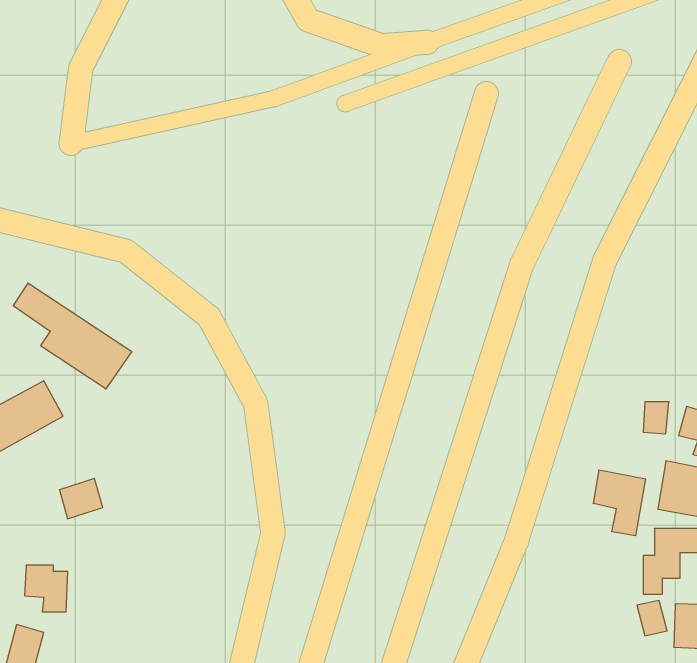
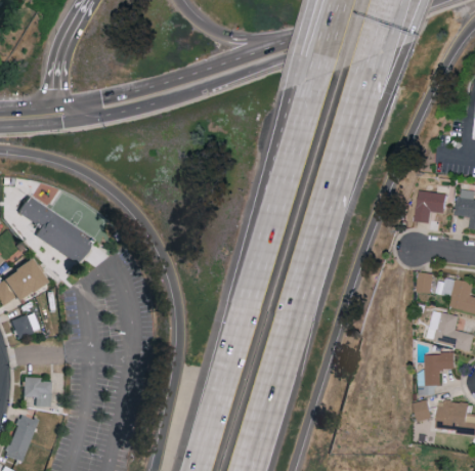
building: none -> [417,190,447,222]
building: [593,470,646,536] -> none
building: [59,479,103,519] -> [11,312,39,338]

